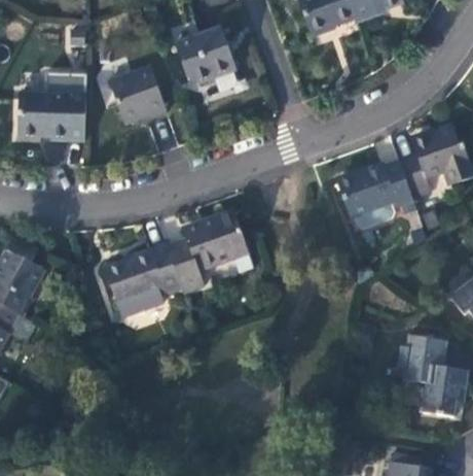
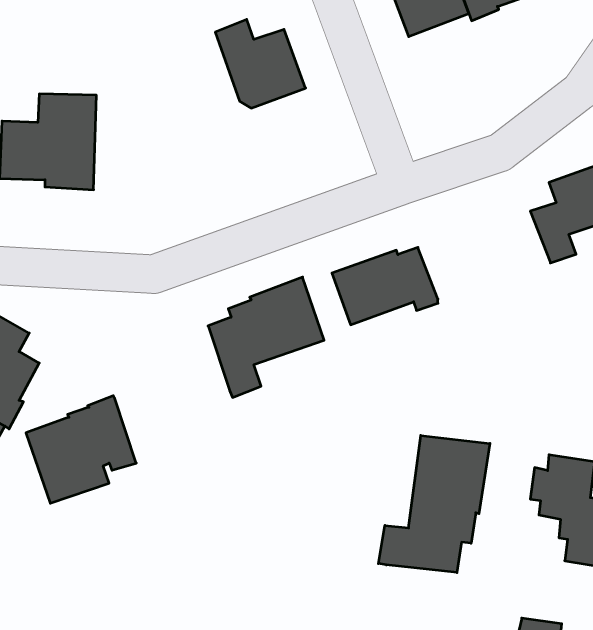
building: [108,69,167,128] -> none
building: [336,162,412,217] -> [332,247,438,325]
building: [103,242,182,319] -> [26,396,136,503]
building: none -> [378,435,490,573]

